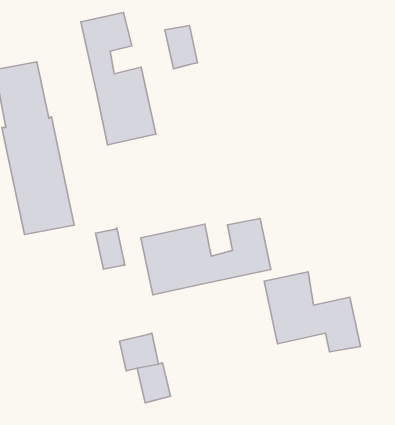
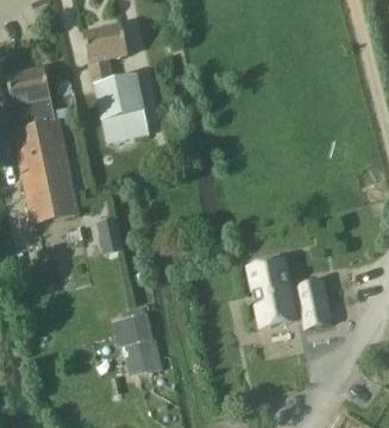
building: [165,25,197,69] -> none
building: [141,219,271,295] -> none

